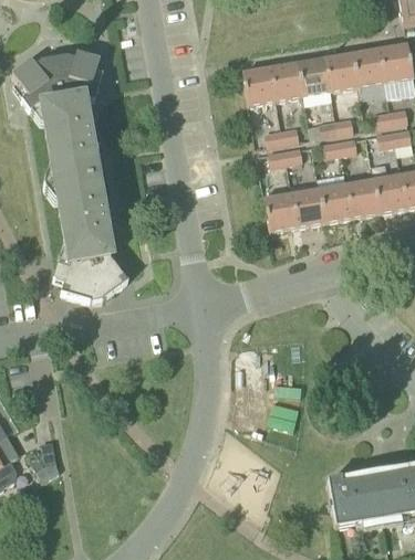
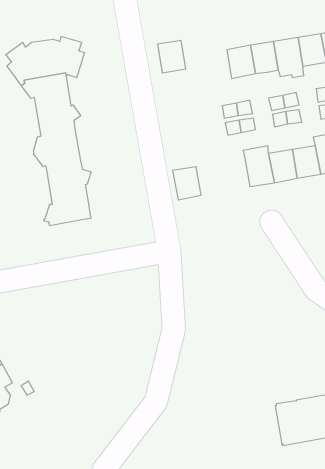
building: [242,67,276,105] -> [157,40,186,73]
building: [263,193,297,232] -> [173,167,201,200]
building: [53,257,128,303] -> none

